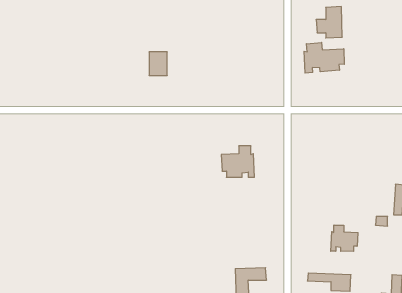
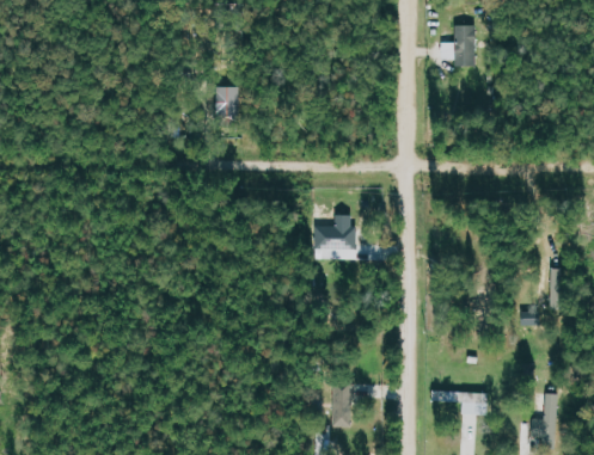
building: [304,42,344,73] -> none
building: [331,225,358,251] -> none

